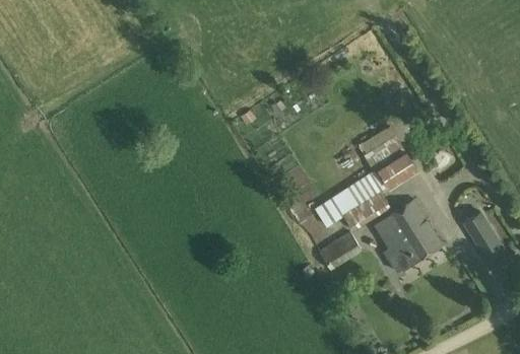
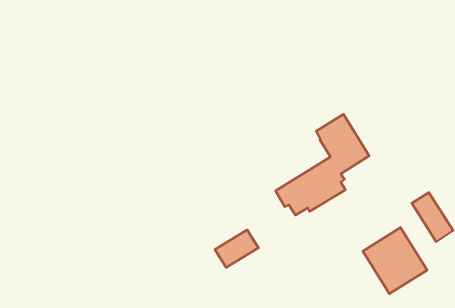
building: [374,199,443,270] -> [363,228,427,294]
building: [316,230,363,271] -> [215,230,258,268]

